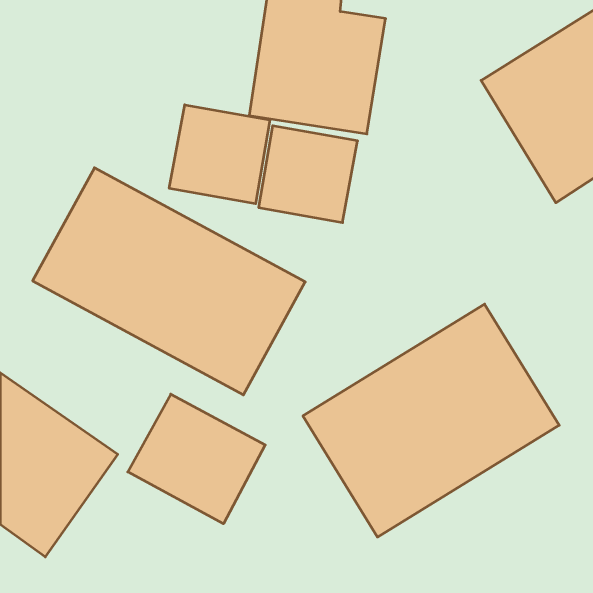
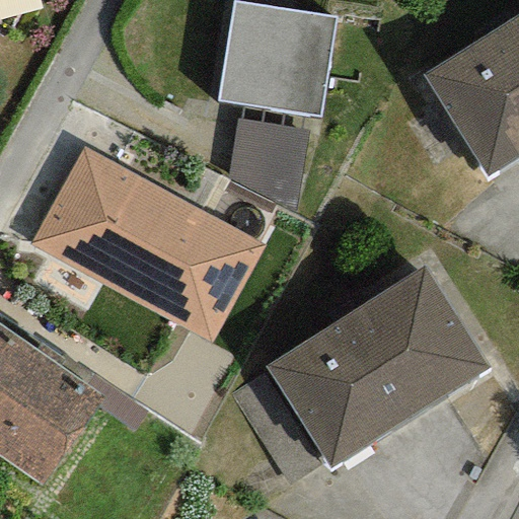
building: [169,105,270,204] -> none
building: [128,394,265,524] -> none

